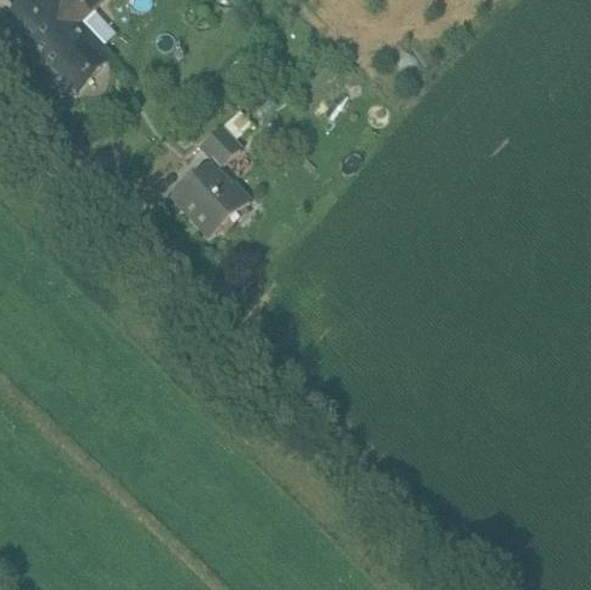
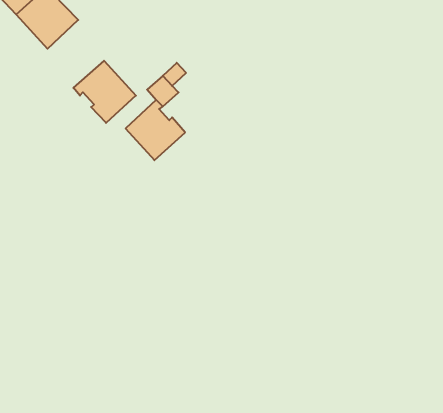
building: none -> [73,61,136,123]

